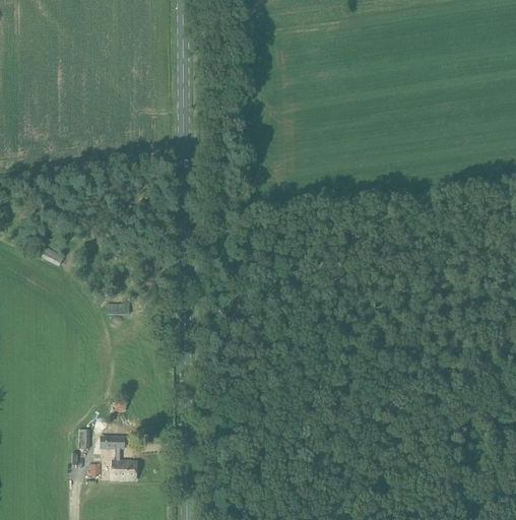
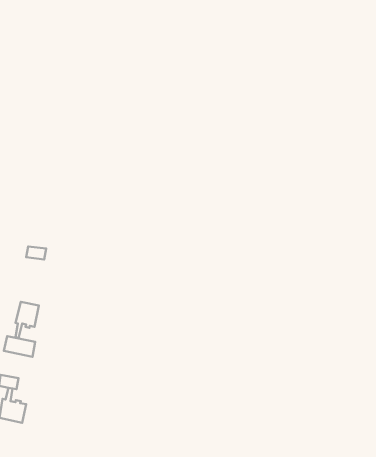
building: none -> [16,302,39,338]

